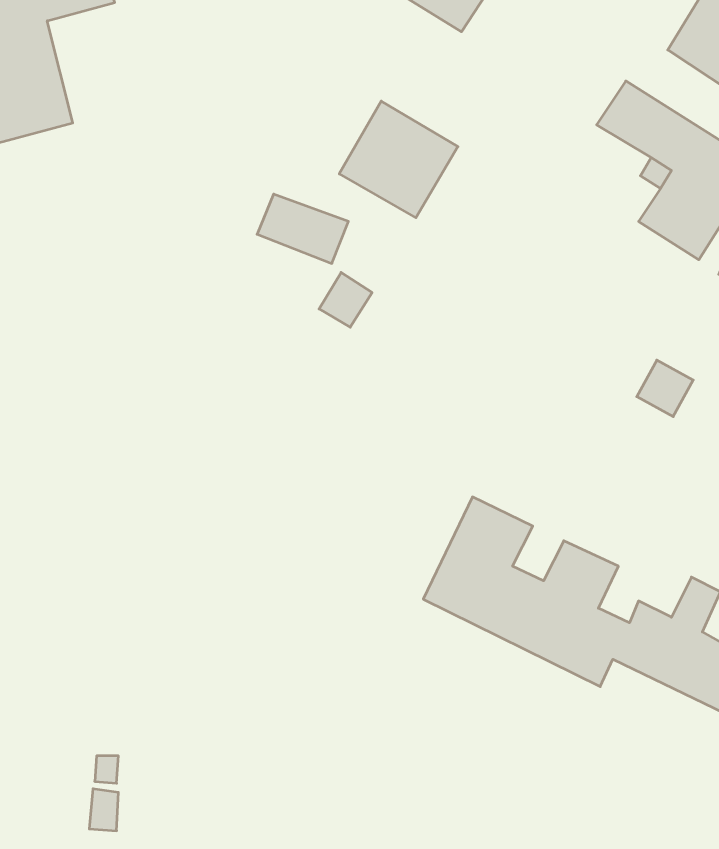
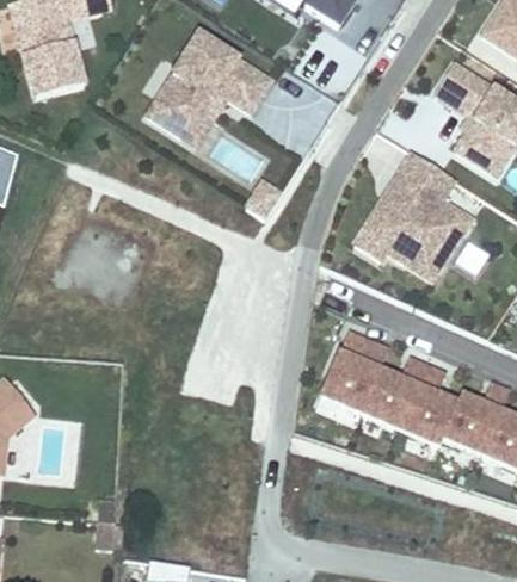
building: none -> [143,29,273,143]
building: none -> [349,147,472,281]

